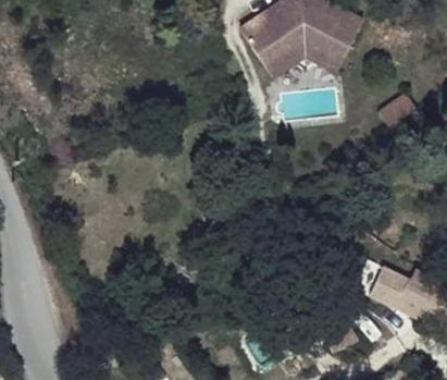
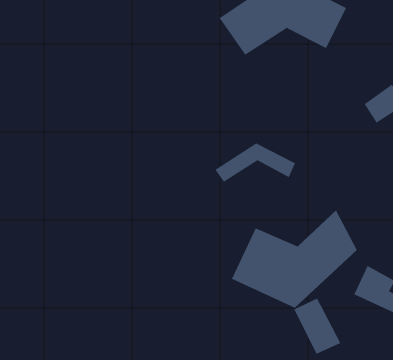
building: [264,38,343,76] -> [214,143,296,182]
building: none -> [231,210,357,309]

